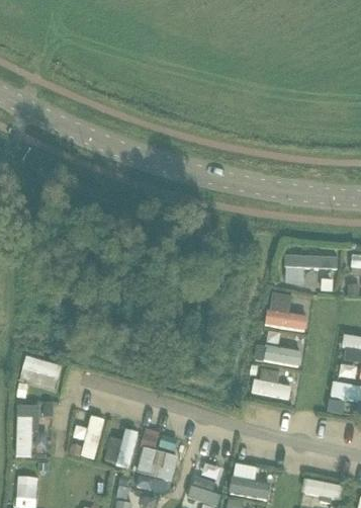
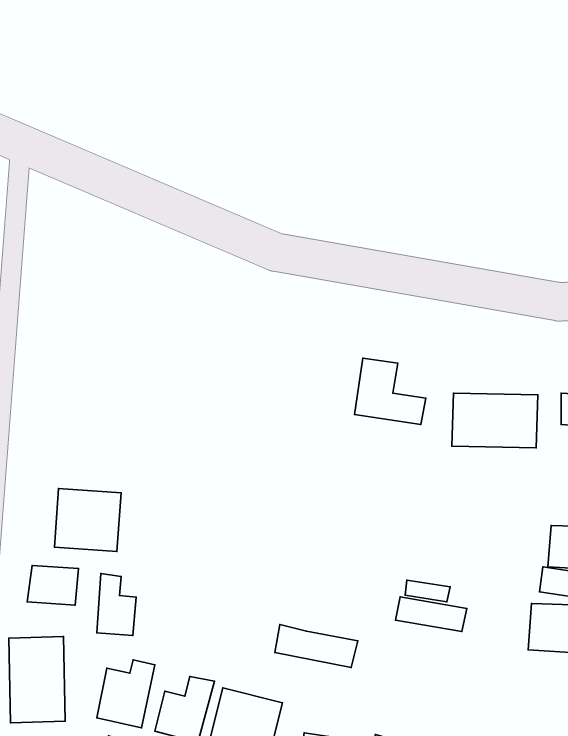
building: [266,290,309,331] -> [355,358,426,425]
building: none -> [54,488,121,552]
building: [253,341,303,367] -> [275,624,358,667]
building: none -> [97,573,136,636]

